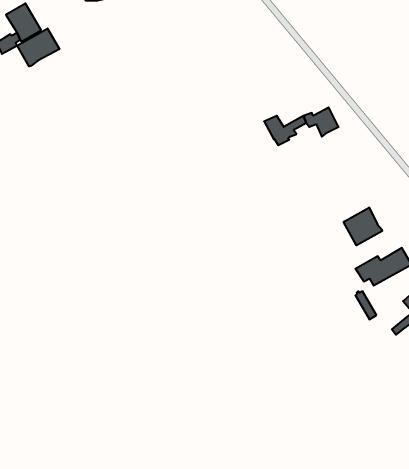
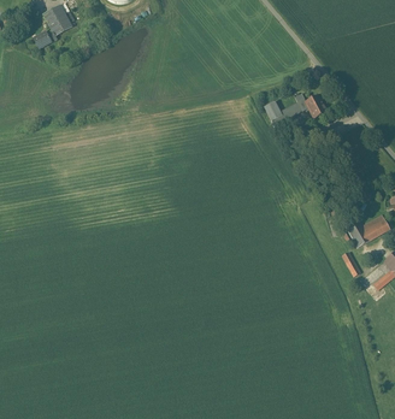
building: [17,28,59,66] -> none
building: [344,207,382,245] -> none

